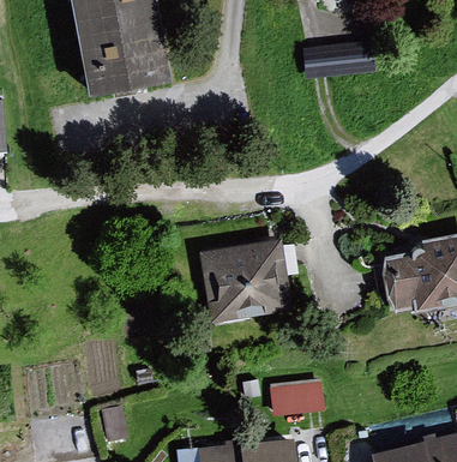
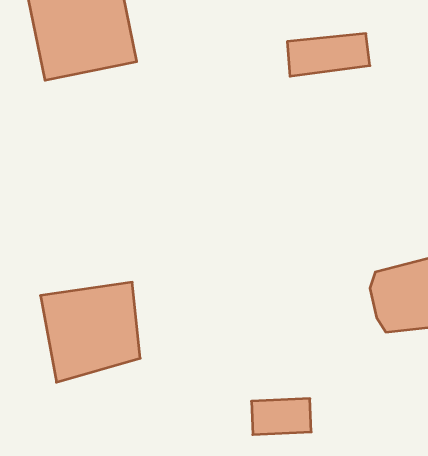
building: [198,245,288,335] -> [40,282,140,382]

